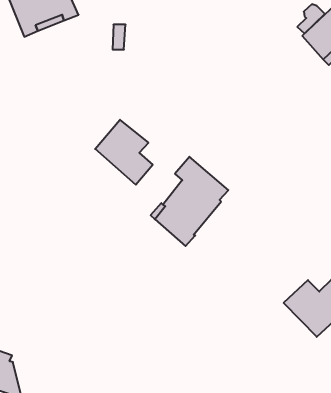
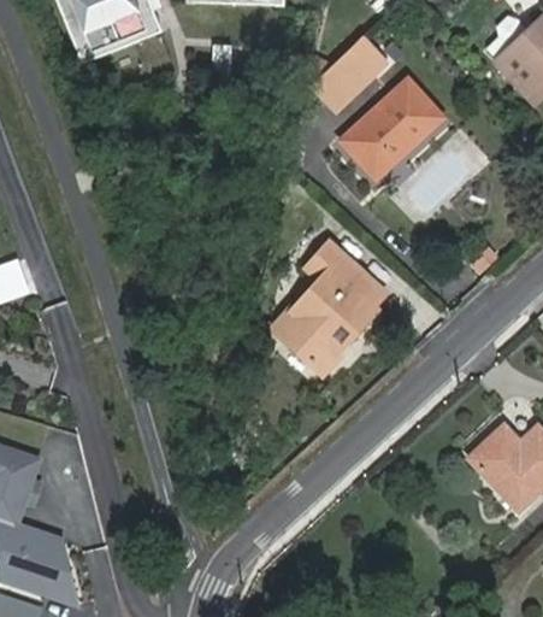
building: none -> [311,40,380,107]
building: none -> [340,77,444,178]
building: [95,120,153,185] -> none

